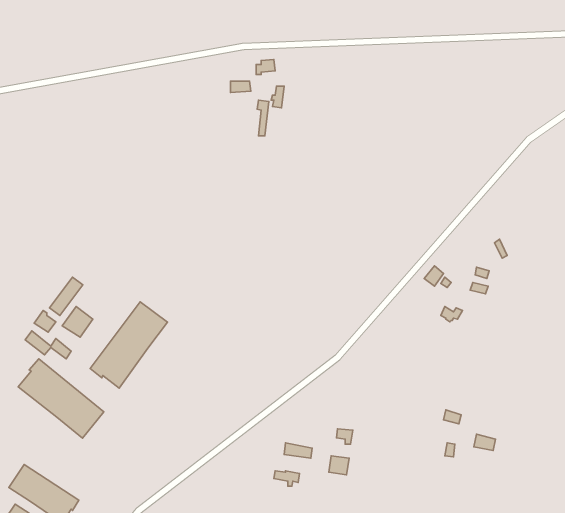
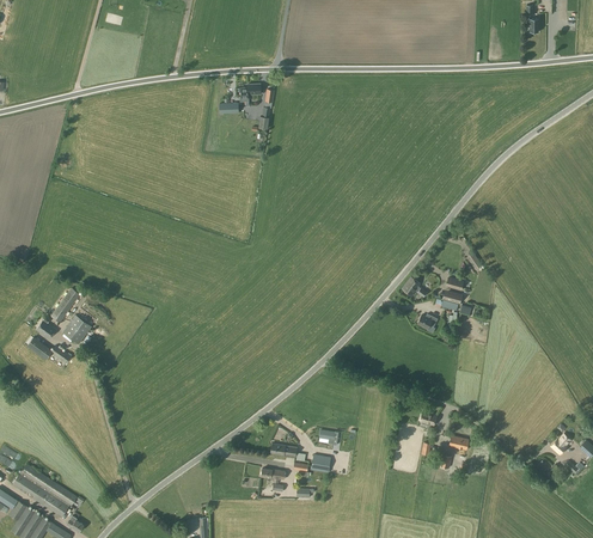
building: [90,302,168,388] -> none
building: [18,359,104,438] -> none

